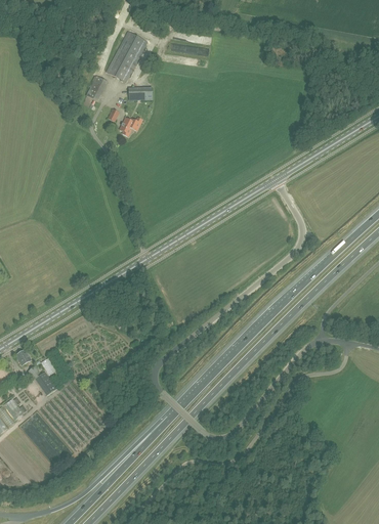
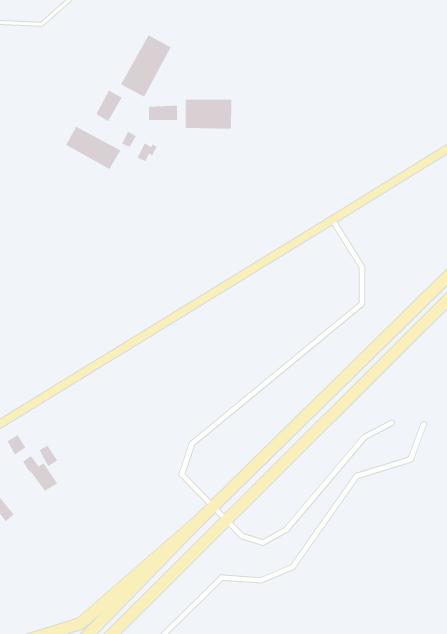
building: none -> [185,99,232,129]
building: none -> [65,126,121,170]

